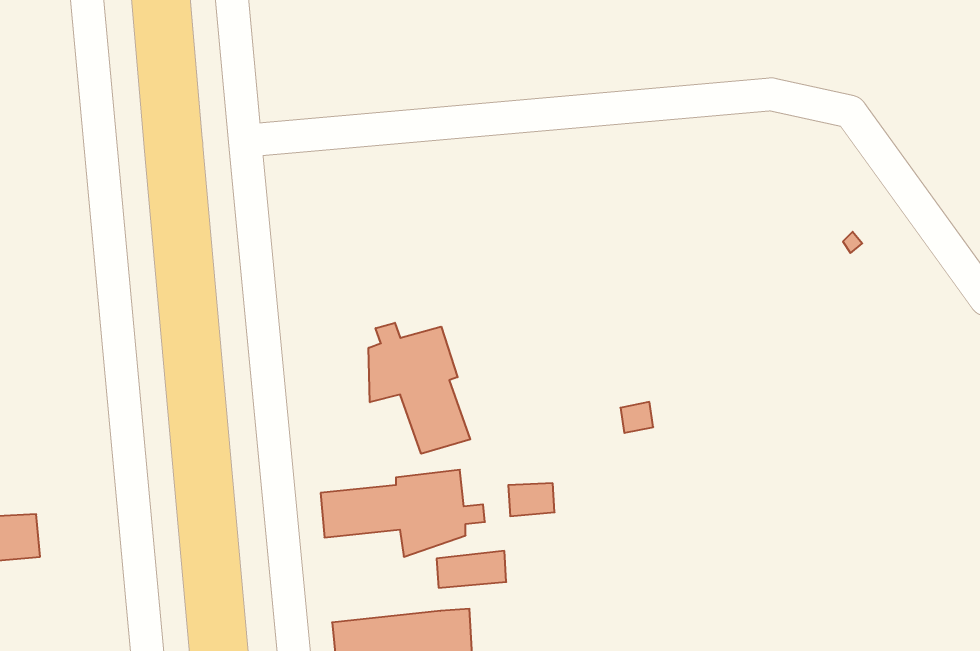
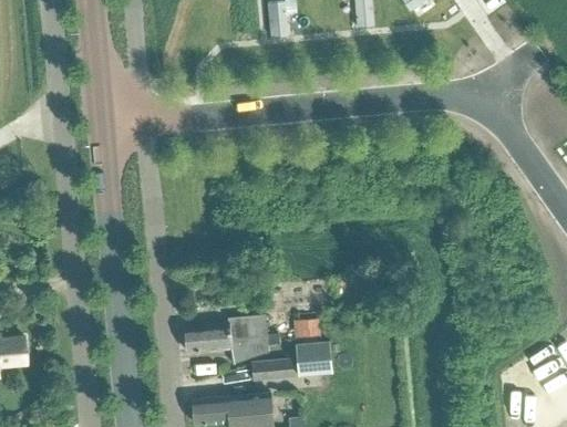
building: [369,323,470,454] -> none
building: none -> [292,345,329,379]

